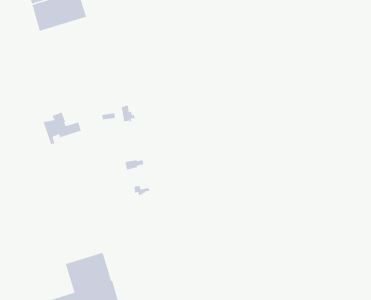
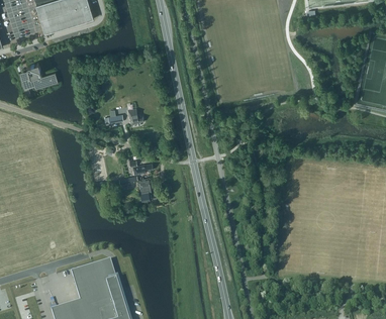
building: [43,112,82,145] -> [17,63,58,97]

